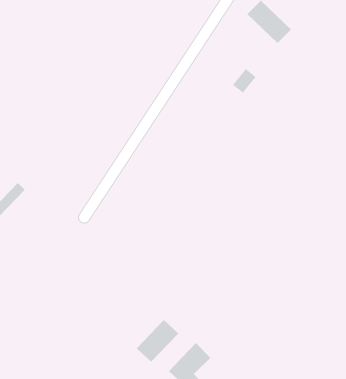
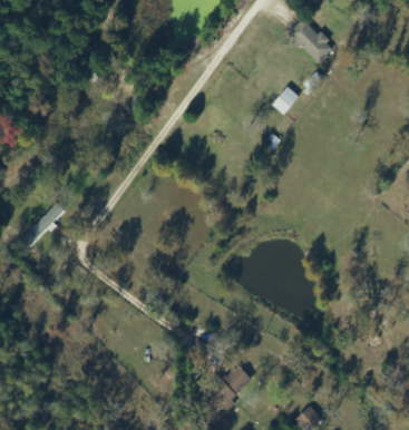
building: [136,319,179,362] -> none

